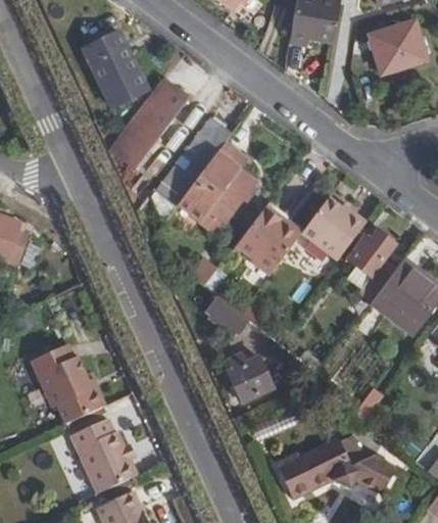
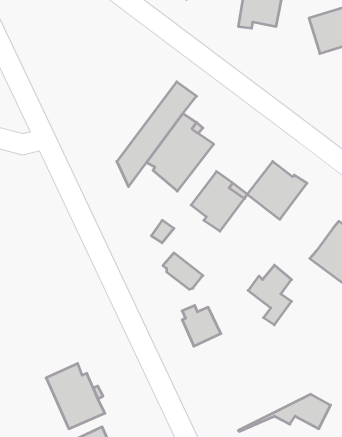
building: [82,34,145,106] -> none
building: [108,78,188,171] -> none
building: [348,228,397,295] -> [248,265,292,325]
building: [33,346,110,427] -> none
building: [275,436,363,497] -> none

